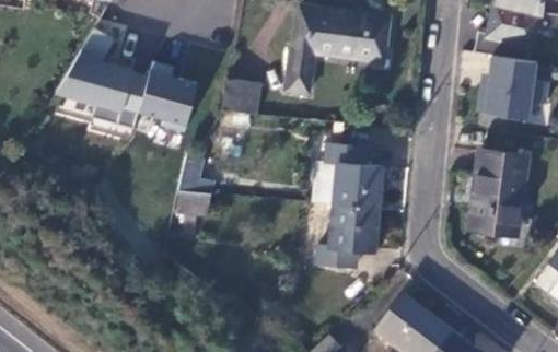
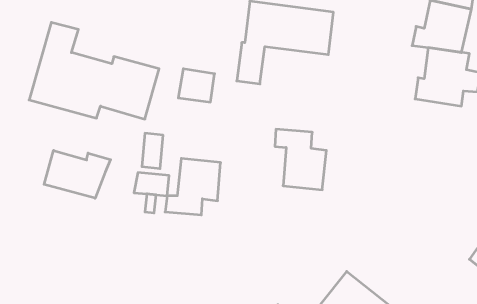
building: [469,149,526,233] -> none
building: none -> [44,150,111,198]
building: [317,203,377,265] -> [165,158,221,215]

